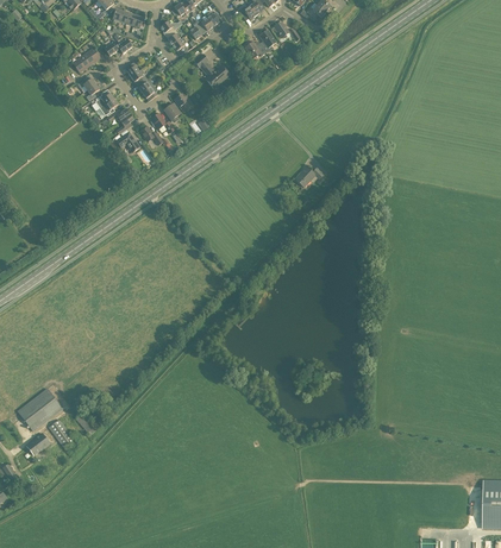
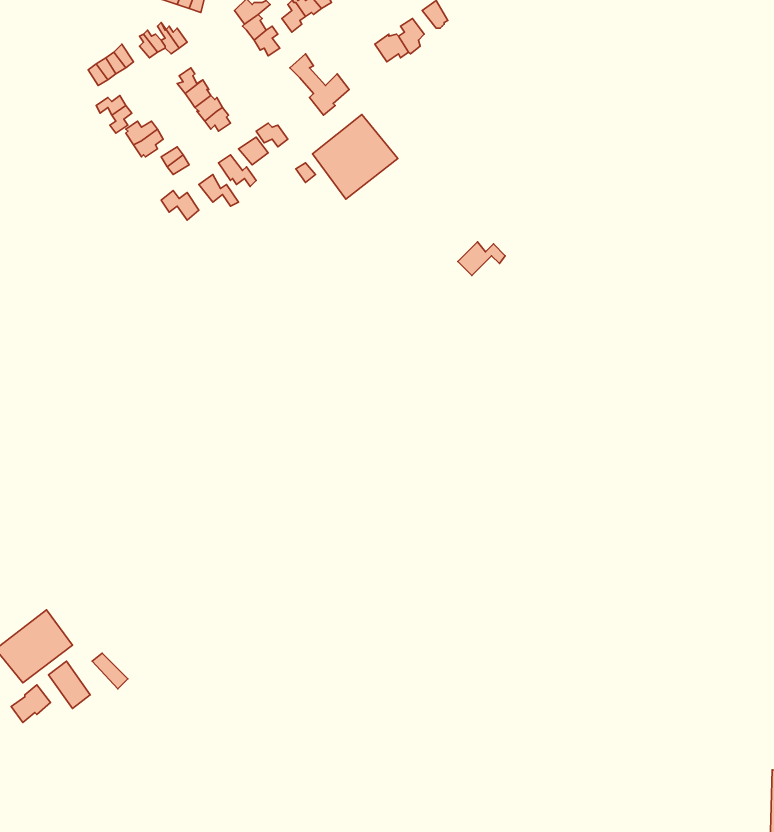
building: none -> [312,115,398,199]

